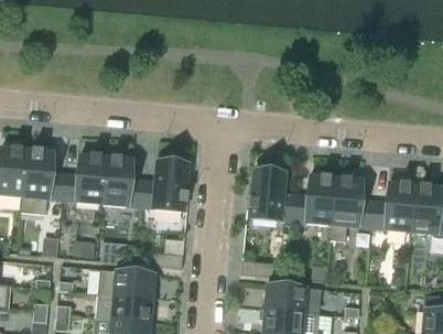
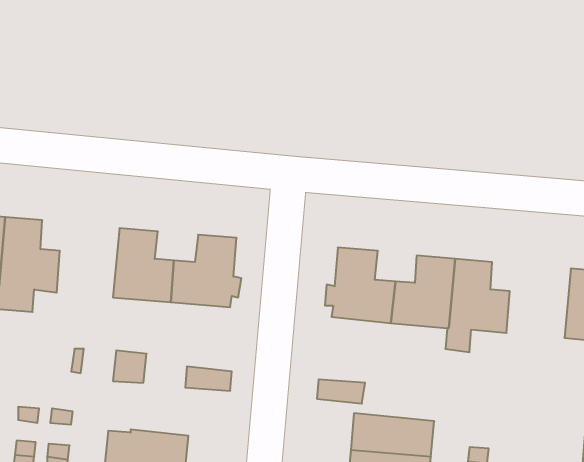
building: [63,154,106,204] -> none
building: [371,182,415,231] -> none
building: [98,269,155,299] -> none

